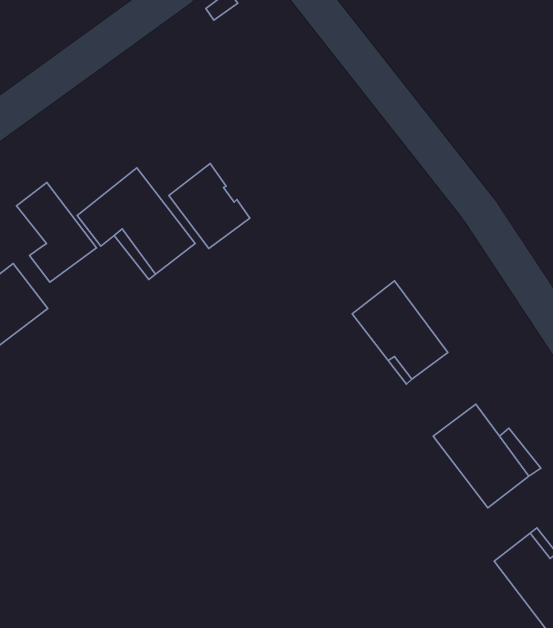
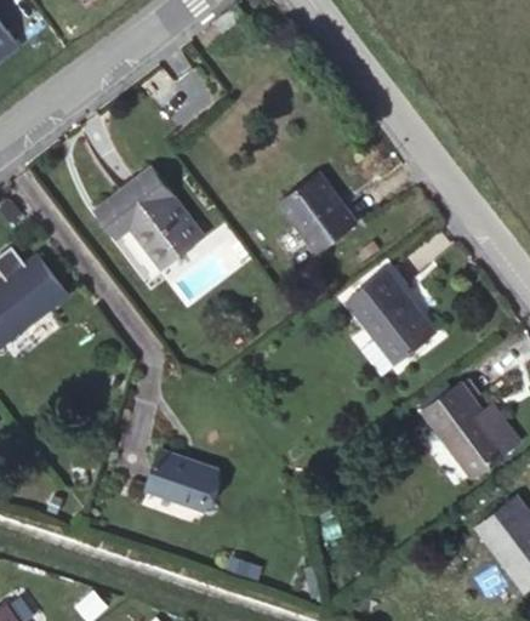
building: [169,164,250,249] -> [280,175,354,252]
building: [16,183,97,282] -> none
building: none -> [146,451,216,508]

